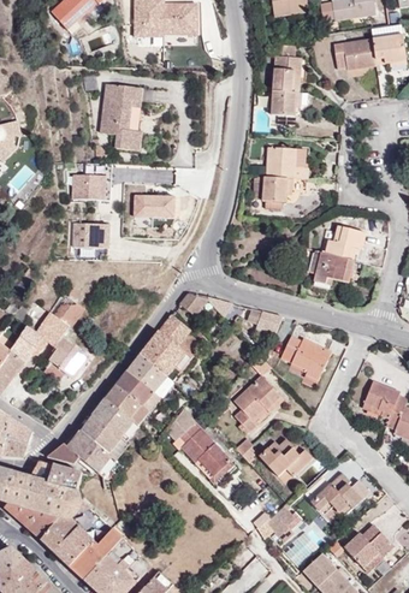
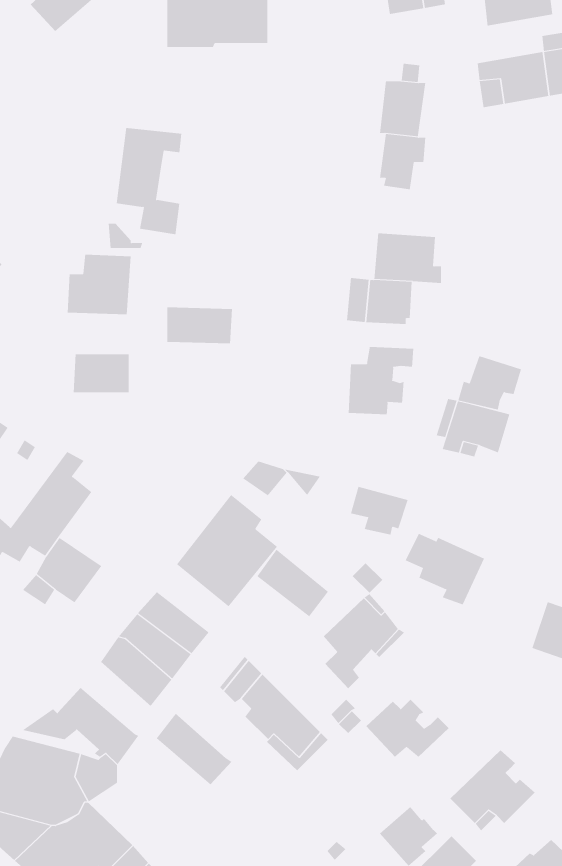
building: none -> [348,346,414,415]
building: [129,355,173,397] -> [257,549,329,617]
building: [82,415,129,459] -> [156,713,232,785]

